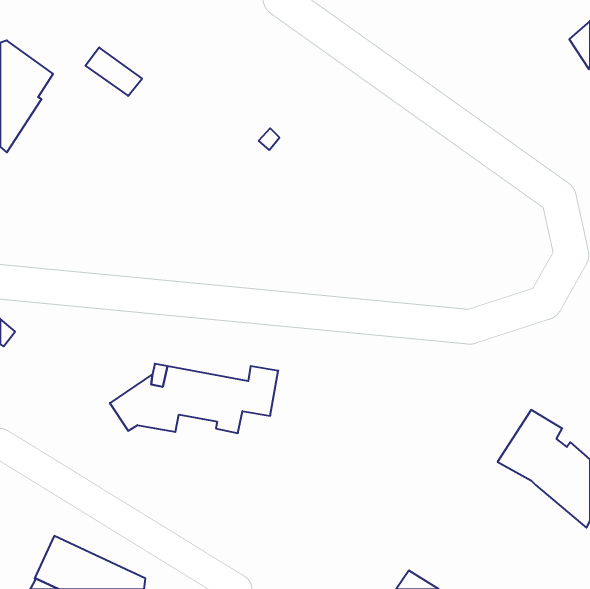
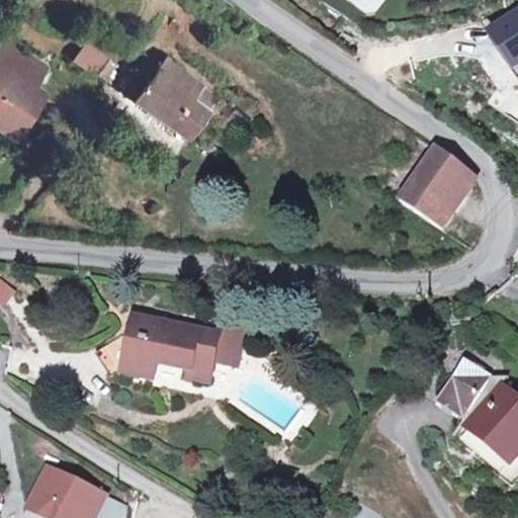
building: none -> [121,58,218,137]
building: none -> [401,148,470,228]

